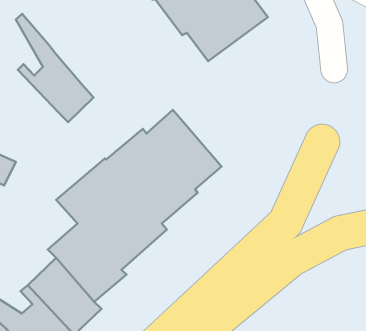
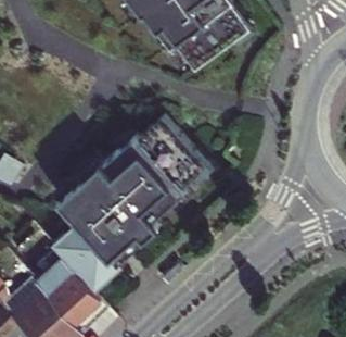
building: [16,14,94,122] -> none

